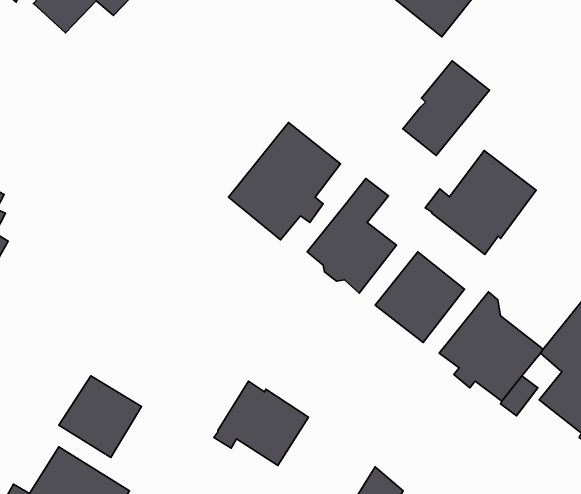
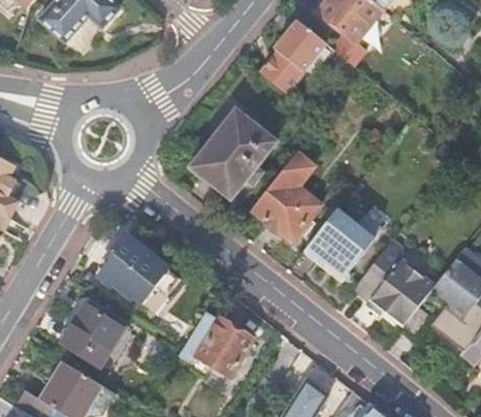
building: [403,61,490,155] -> [259,21,326,94]
building: [425,151,536,254] -> none
building: none -> [99,232,174,304]

